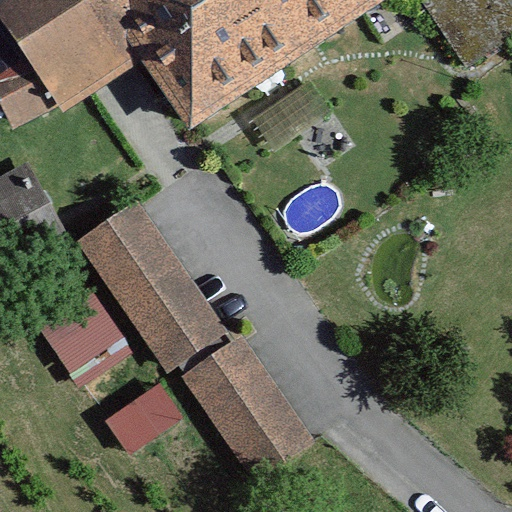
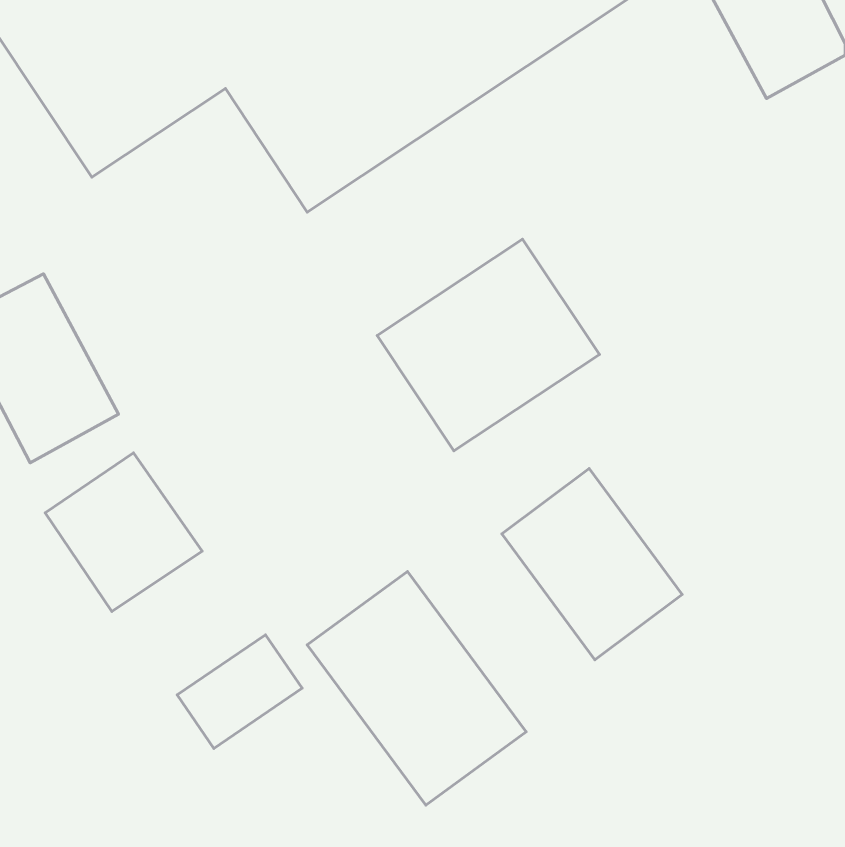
building: none -> [377,239,599,451]
building: [88,210,231,375] -> none
building: none -> [502,469,682,660]

